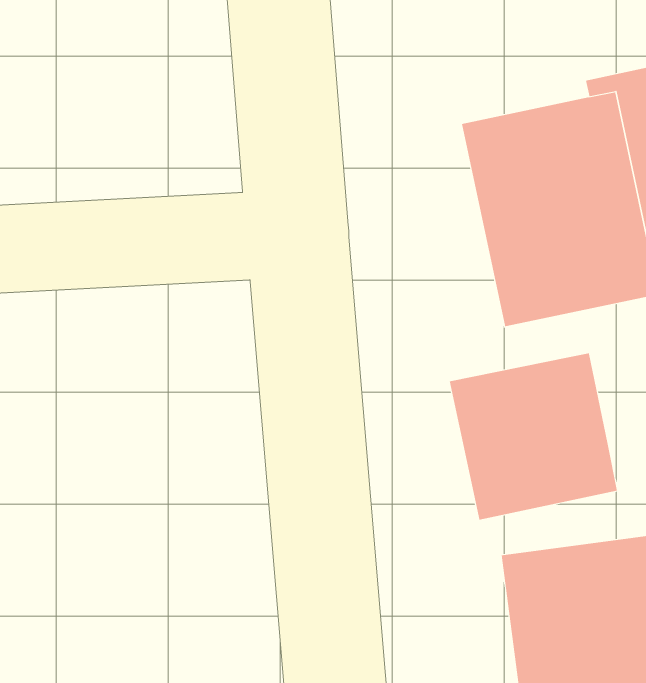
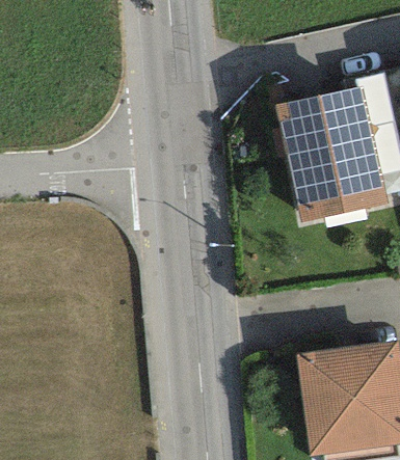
building: [449,352,617,521] -> none

